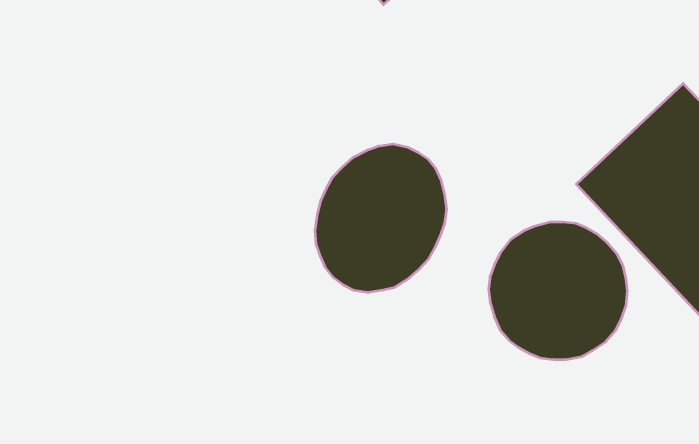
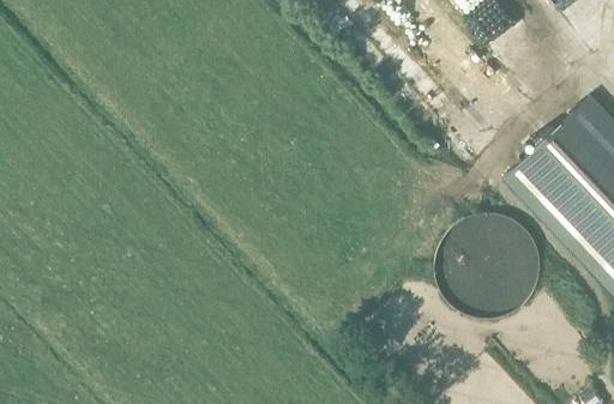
building: [315,144,446,293] -> none

